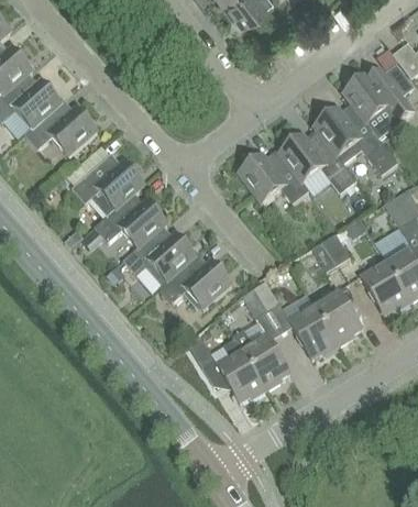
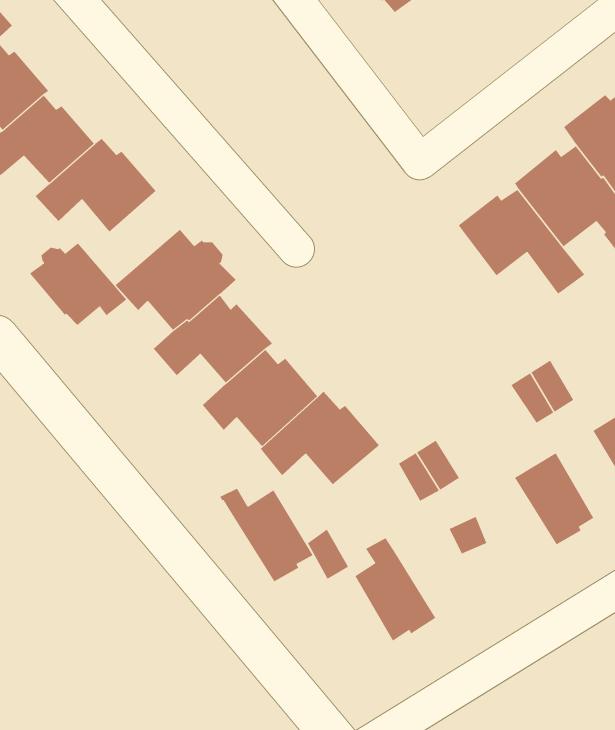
building: [238,147,308,202] -> none
building: none -> [29,242,127,326]
building: [289,304,339,357] -> none
building: [233,331,290,388] -> [219,488,314,582]

